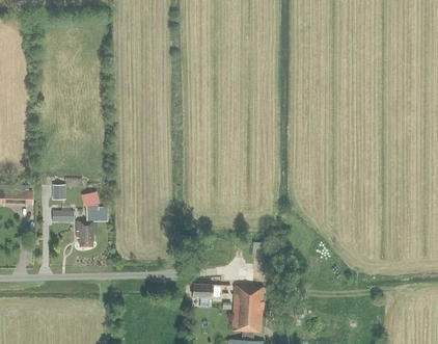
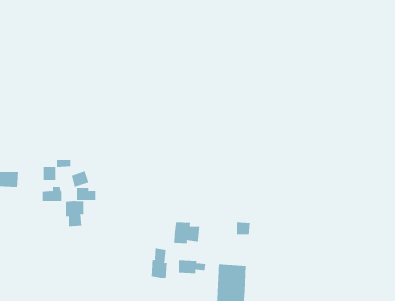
building: none -> [174,221,200,244]
building: none -> [151,248,167,279]

